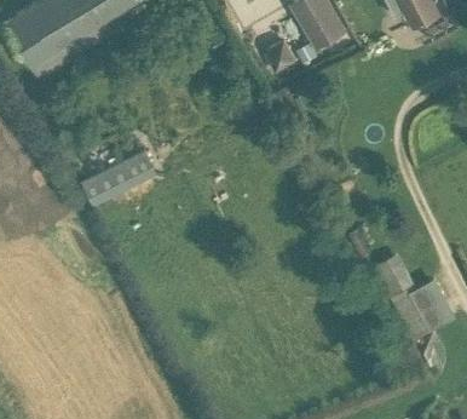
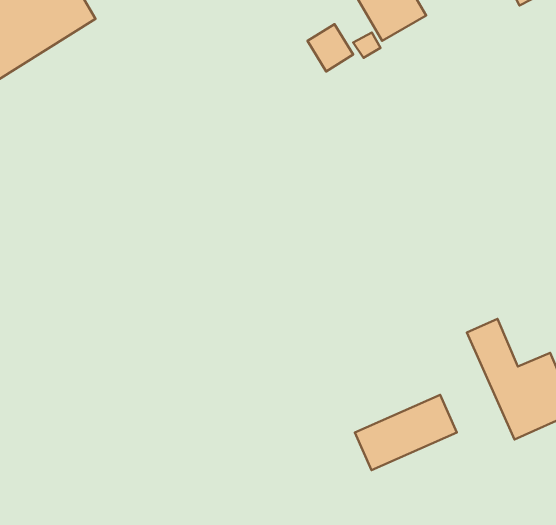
building: [80,149,156,205] -> none
building: none -> [355,395,457,470]

